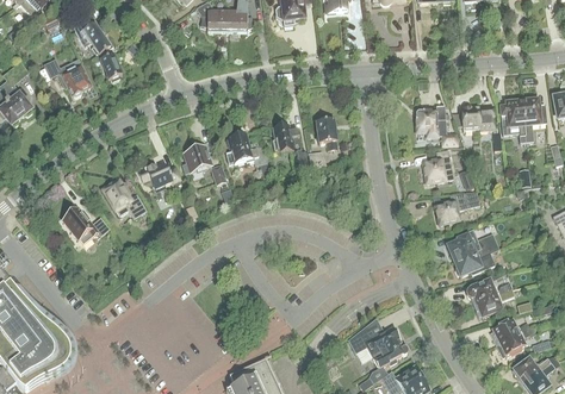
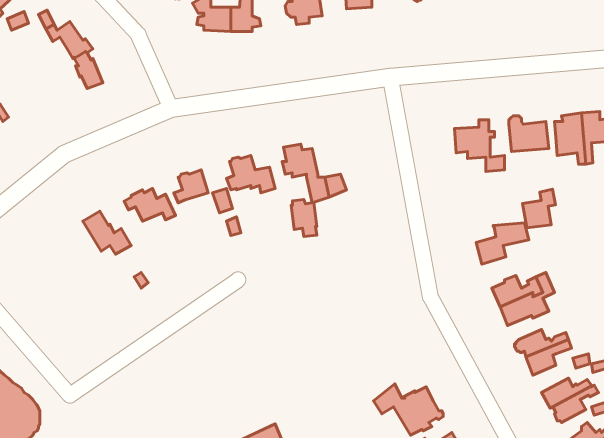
building: [44,60,91,96] -> none
building: [316,118,337,149] -> [291,200,317,237]
building: [422,150,449,182] -> [523,189,555,228]
building: [64,208,110,244] -> none

